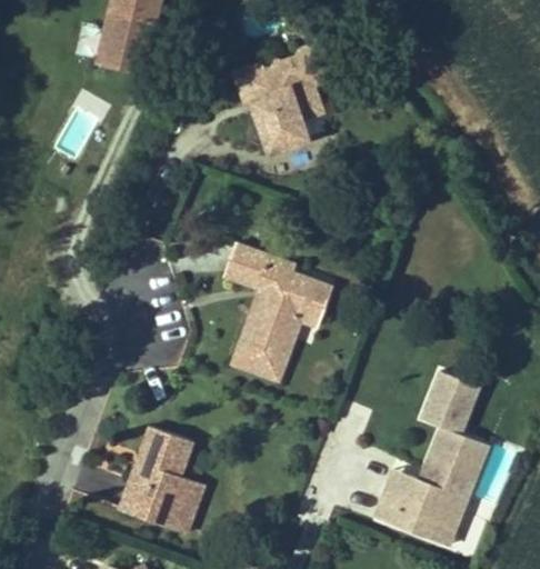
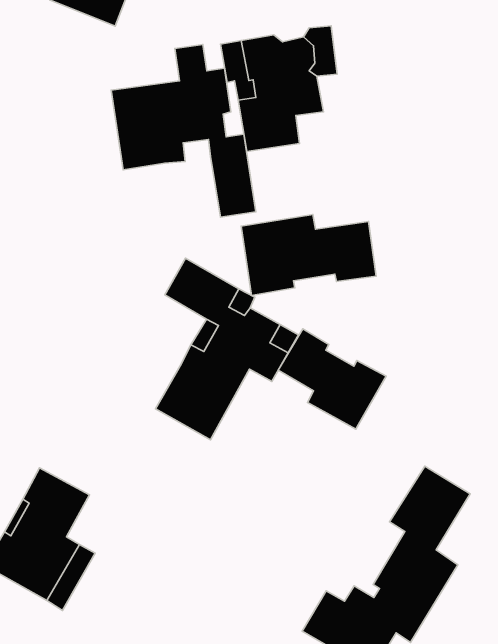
building: none -> [111,44,256,217]
building: none -> [241,214,376,295]
building: none -> [278,329,386,429]

